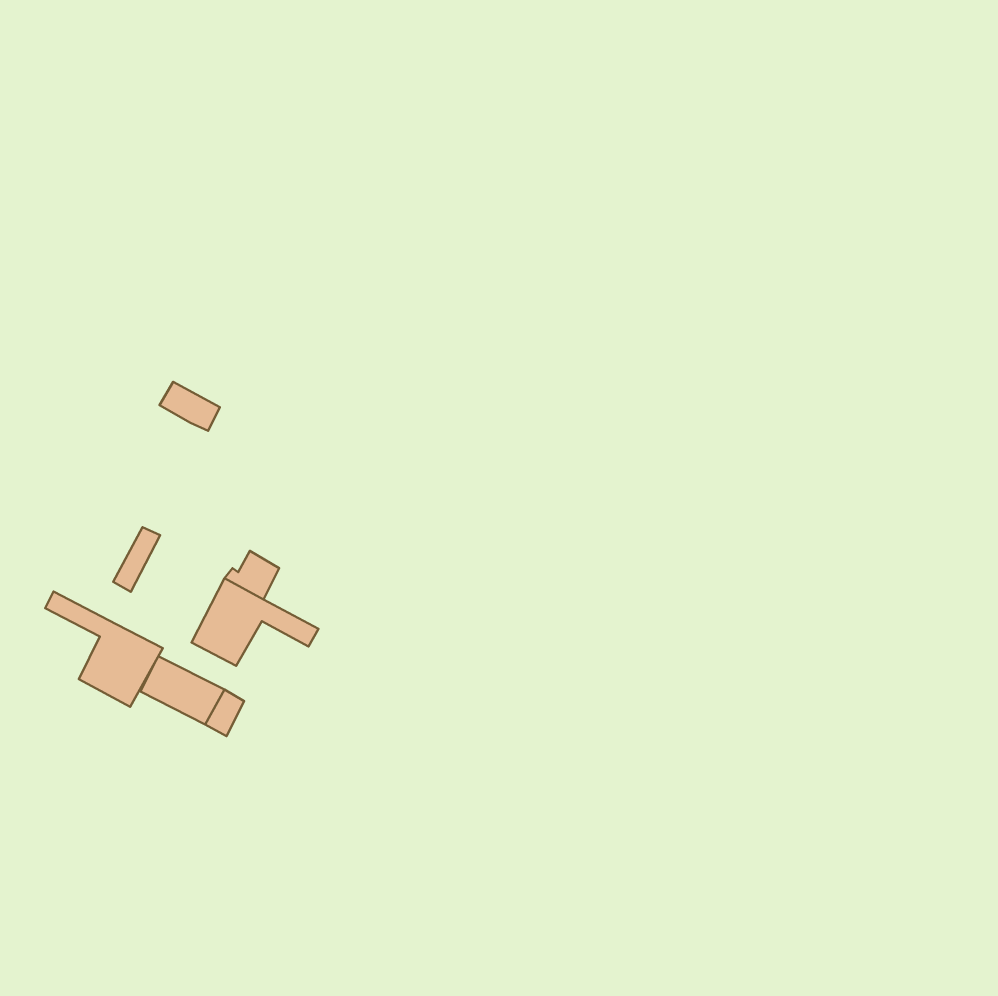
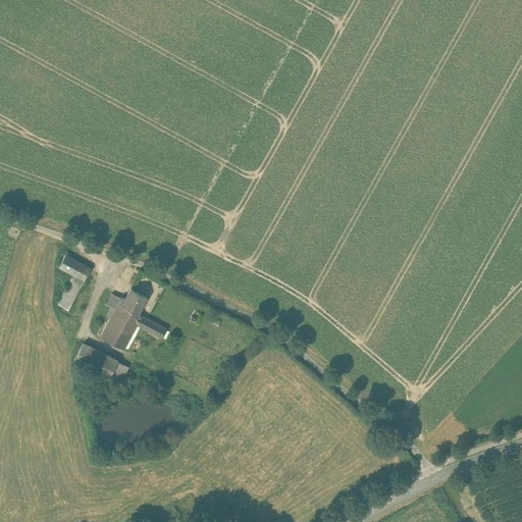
building: [159,382,220,431] -> [58,255,90,280]
building: [45,592,163,707] -> none

